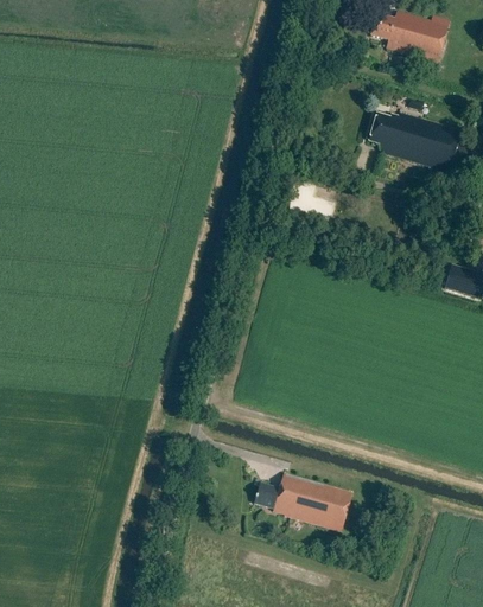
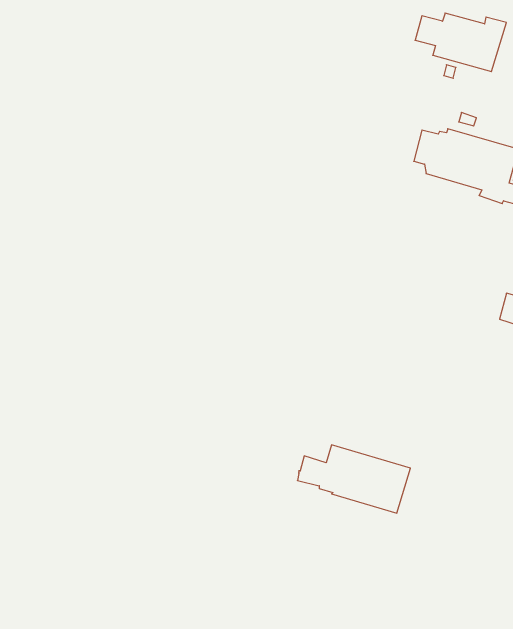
building: [254,473,352,532] -> [297,445,410,513]

